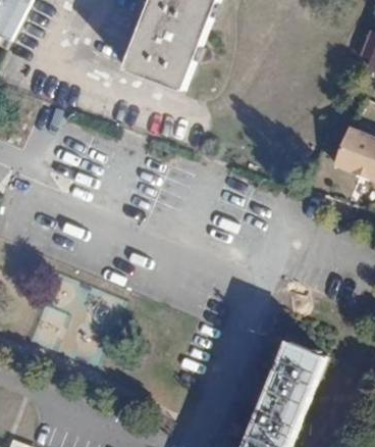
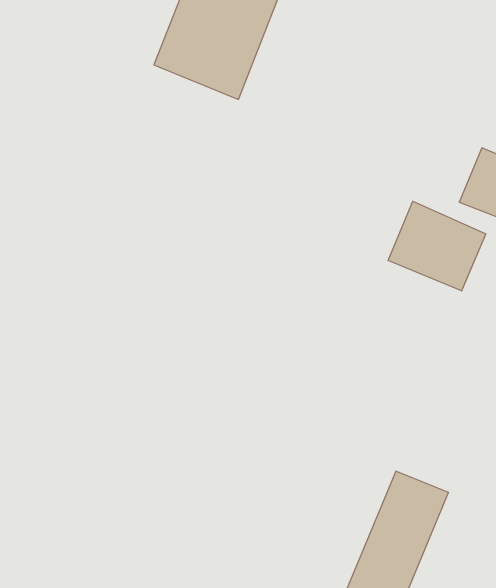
building: none -> [388,201,486,291]

